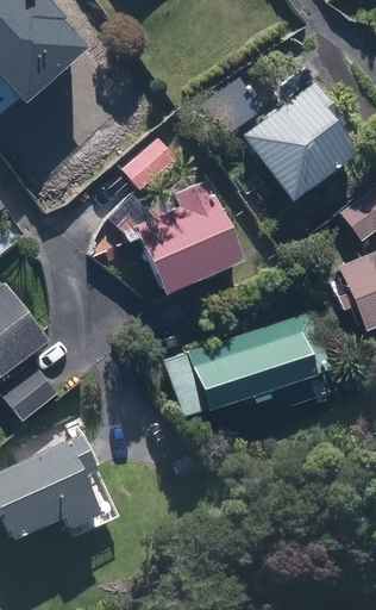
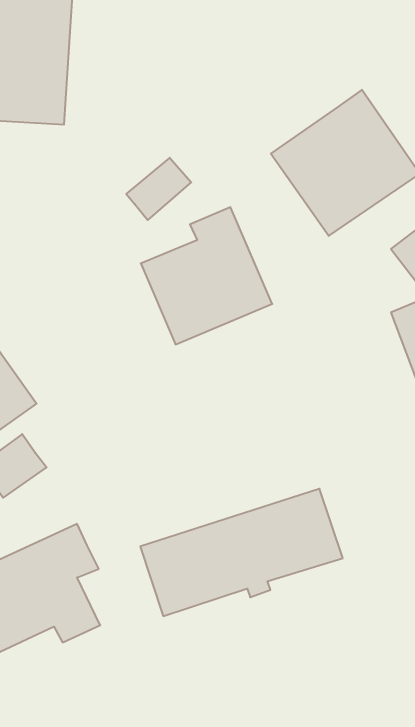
building: [163,312,330,417] -> [140,489,343,616]

